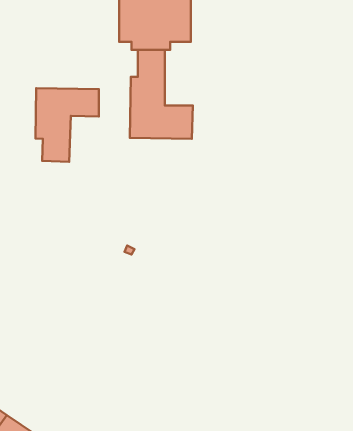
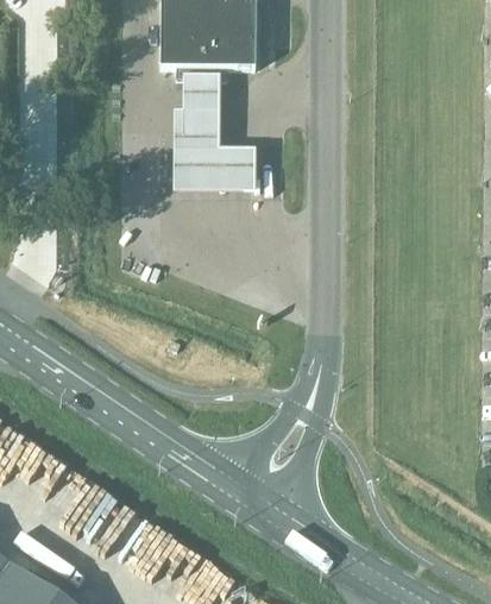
building: [36,88,99,162] -> none

